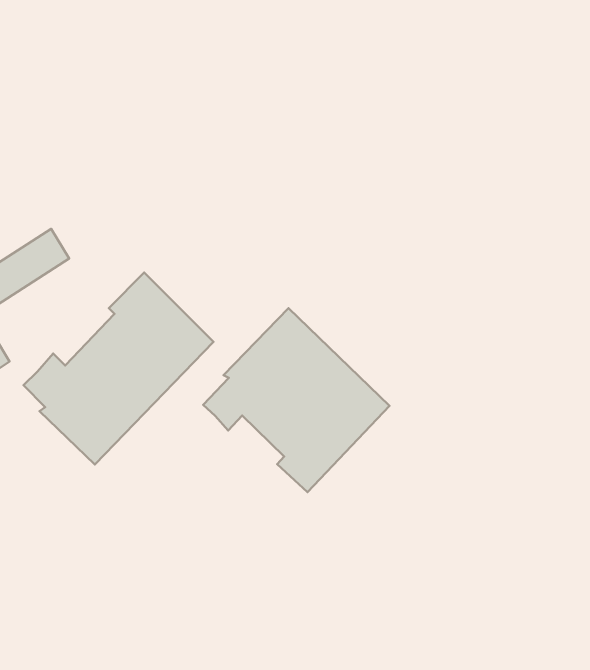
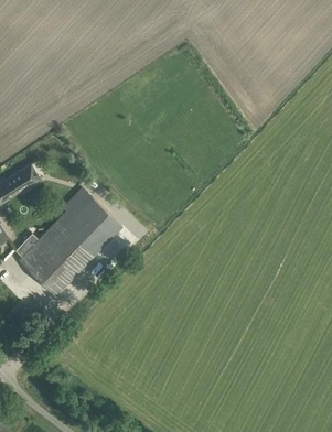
building: [203,308,389,492] -> none

